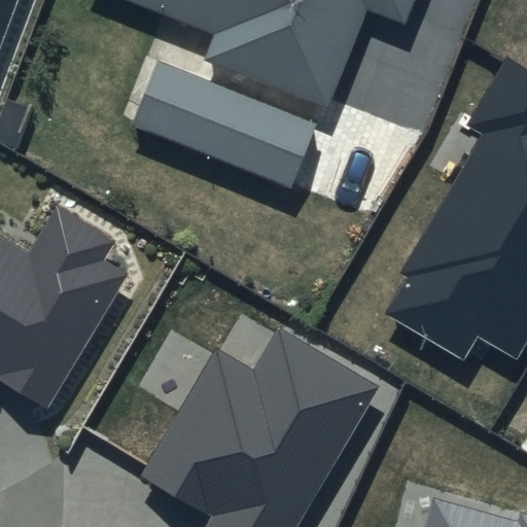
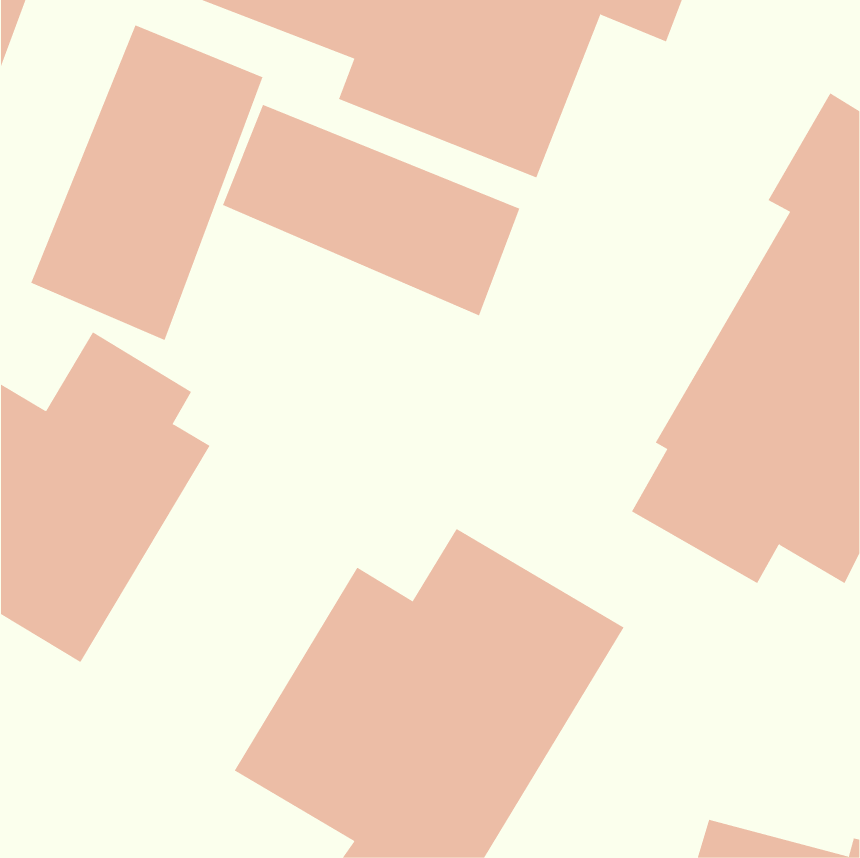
building: none -> [30,24,263,341]

